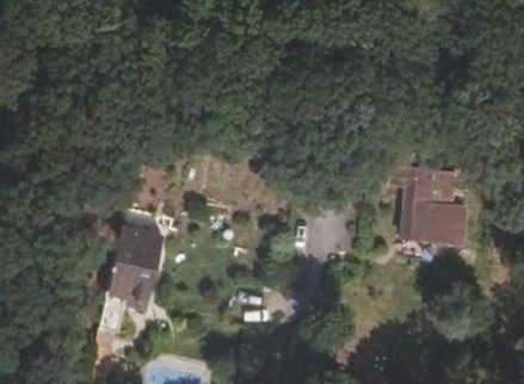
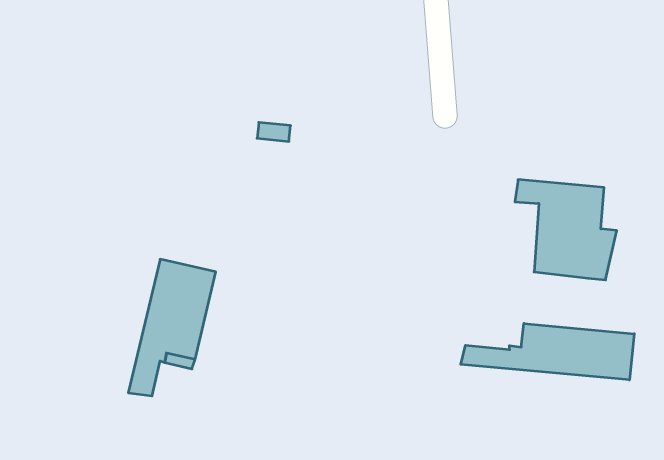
building: none -> [461,323,634,380]

